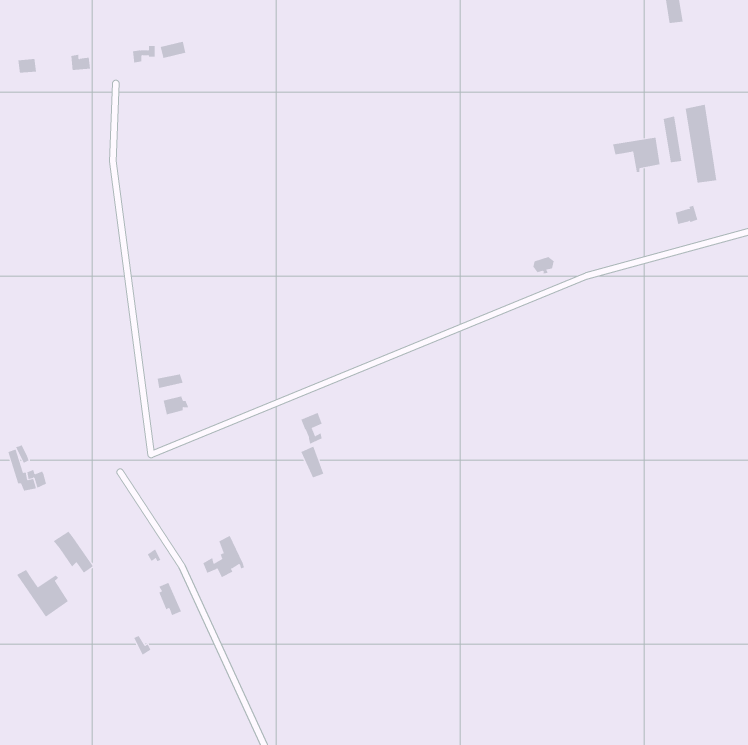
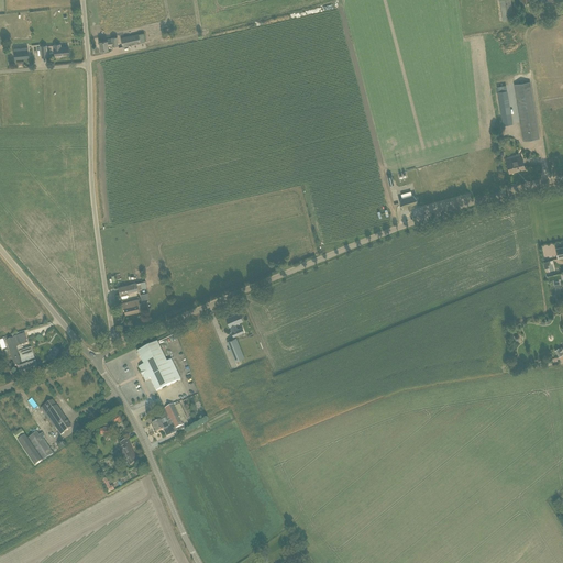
building: [612,137,660,173] -> none
building: none -> [136,340,175,388]

